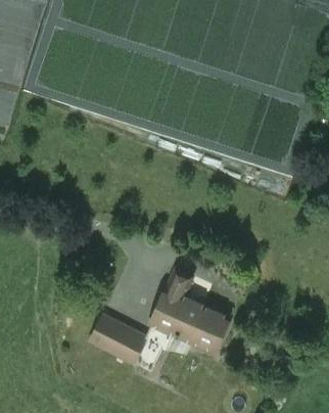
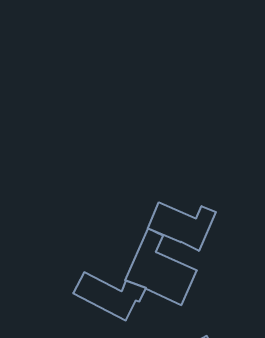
building: none -> [148,202,216,251]

